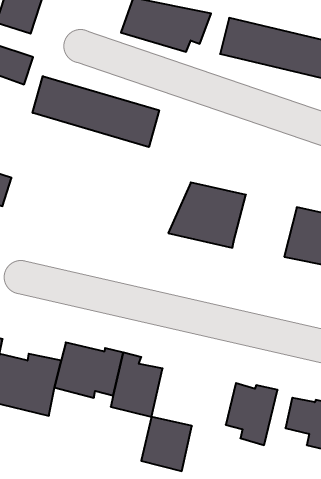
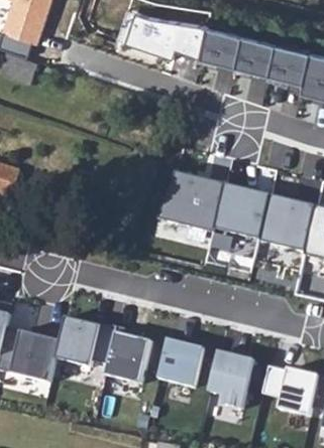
building: [33,76,159,147] -> none
building: none -> [215,185,272,241]
building: [141,417,192,471] -> [157,339,203,388]

